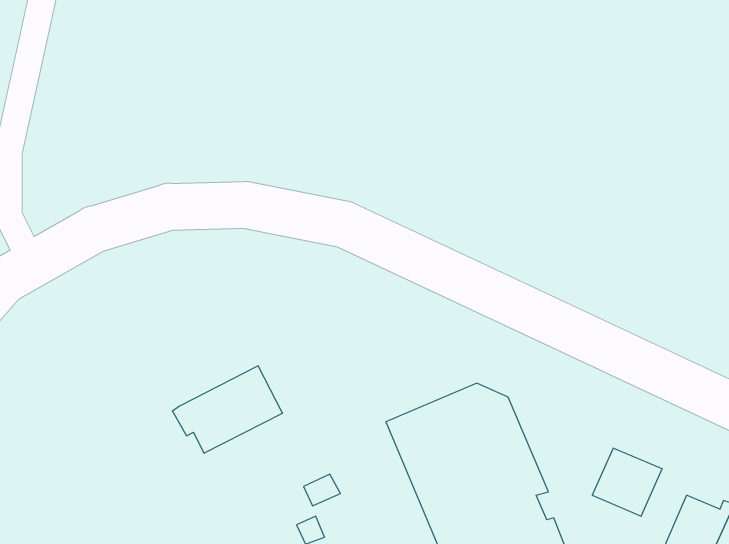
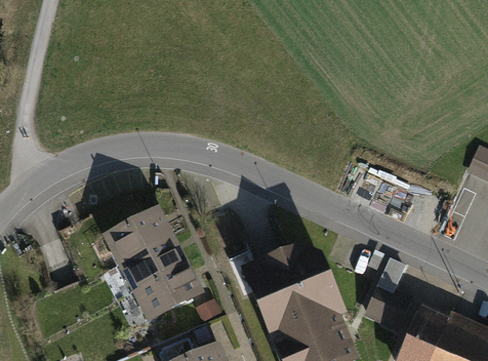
building: none -> [106,210,170,262]
building: none -> [134,266,199,316]

